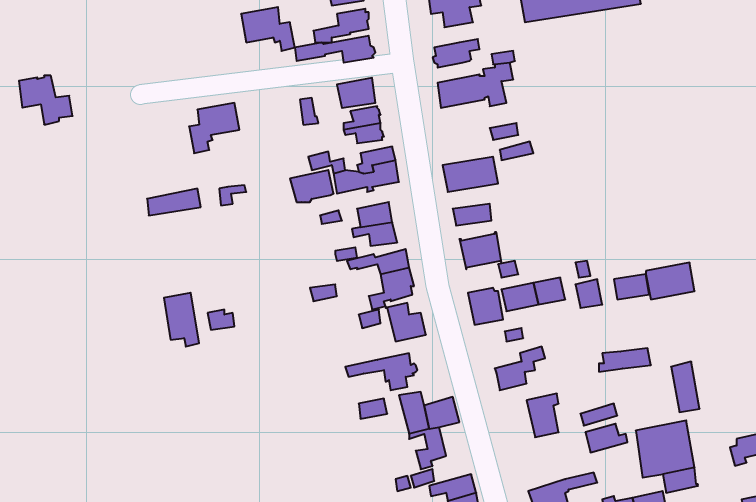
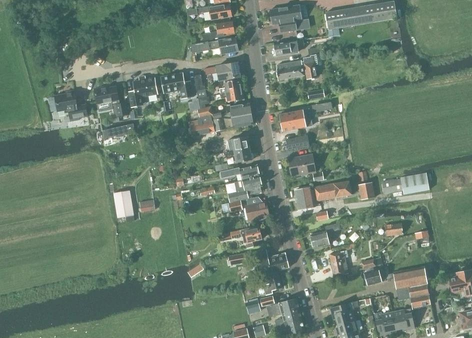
building: [241,7,295,51] -> [161,72,193,98]
building: [19,76,73,124] -> [55,92,87,121]
building: none -> [94,86,128,116]

